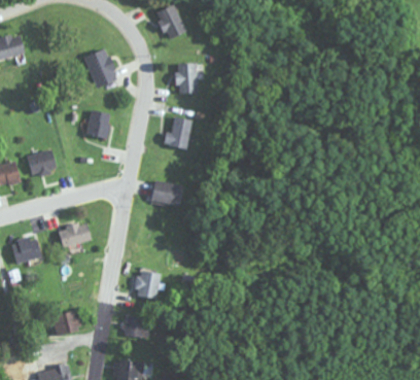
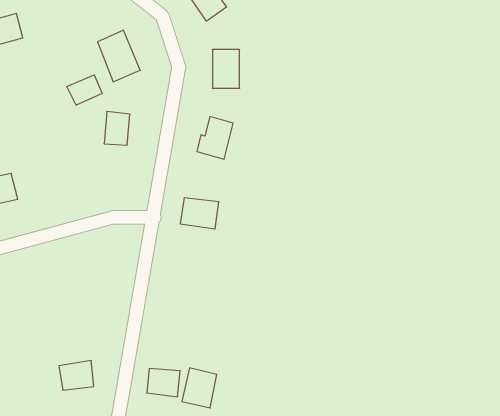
building: none -> [67,75,102,105]
building: [27,150,56,176] -> none
building: [58,222,91,248] -> none
building: [10,236,40,264] -> none
building: [133,269,161,301] -> [182,368,217,408]

